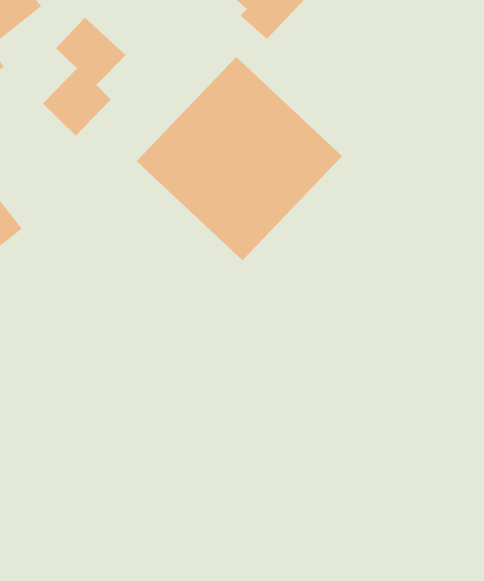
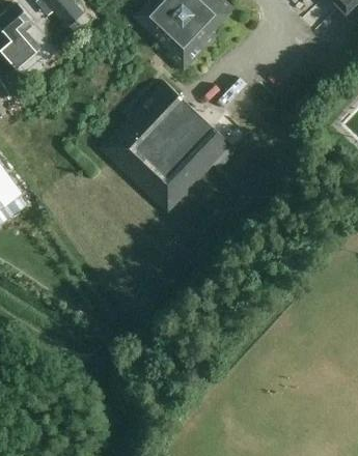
building: [42,17,127,136] -> none

